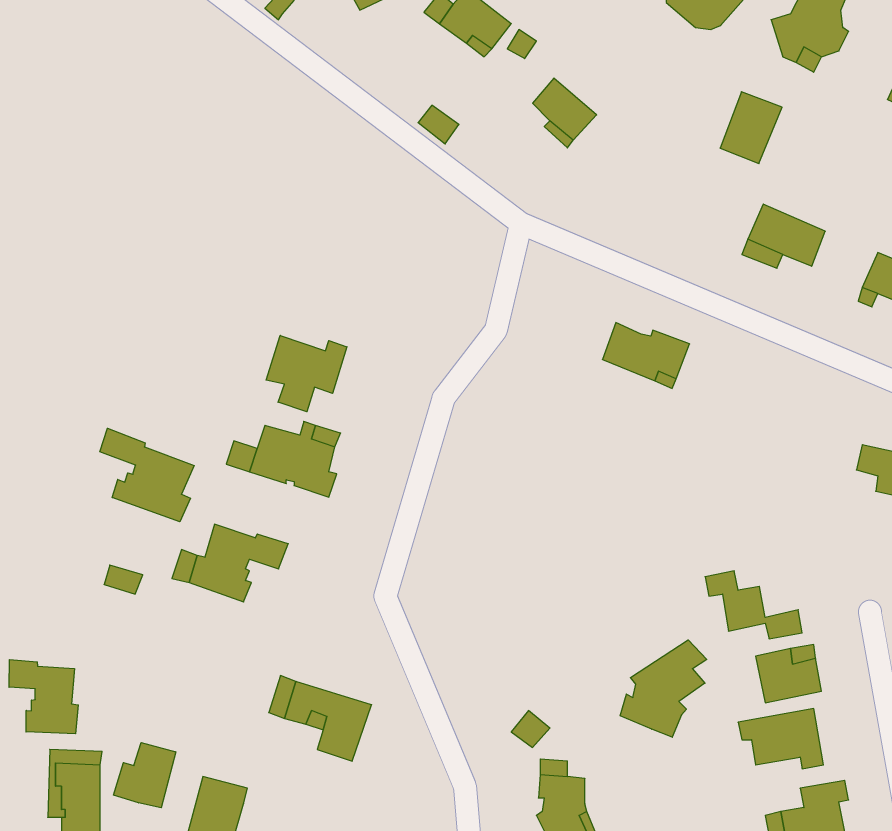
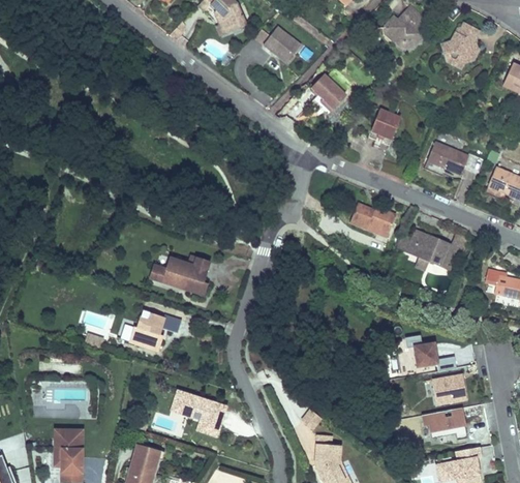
building: [720,92,782,164] -> [368,107,401,145]
building: [266,335,347,412] -> none
building: none -> [397,230,468,270]
building: [100,428,194,522] -> none
building: [620,640,707,737] -> none
building: [9,660,78,734] -> none
building: [113,743,176,808] -> none

